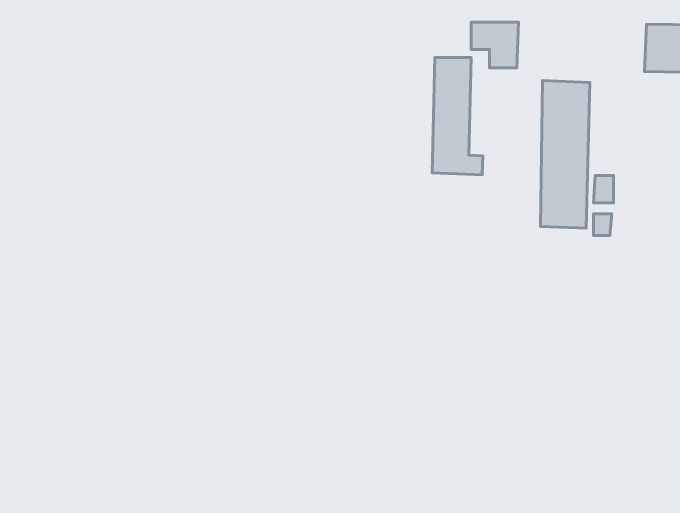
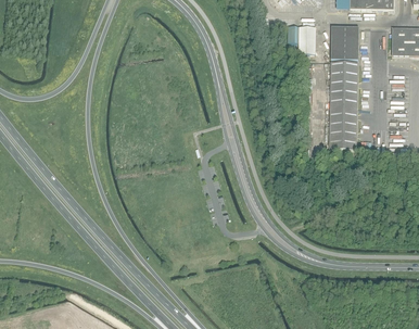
building: none -> [331,26,358,60]
building: [432,57,483,175] -> none

